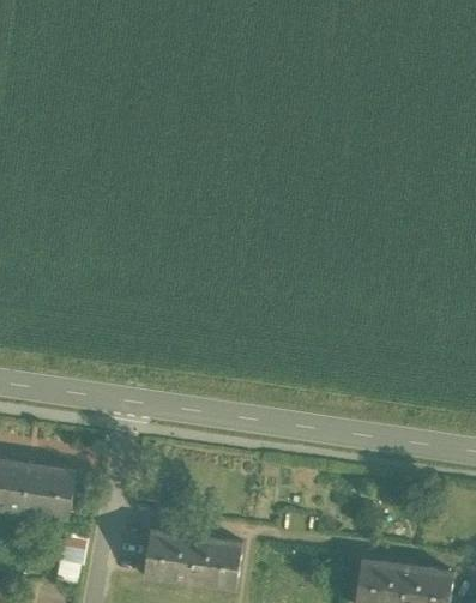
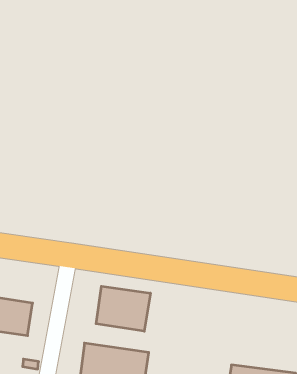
building: none -> [96,286,150,331]

